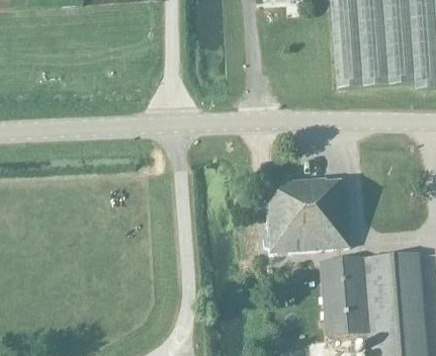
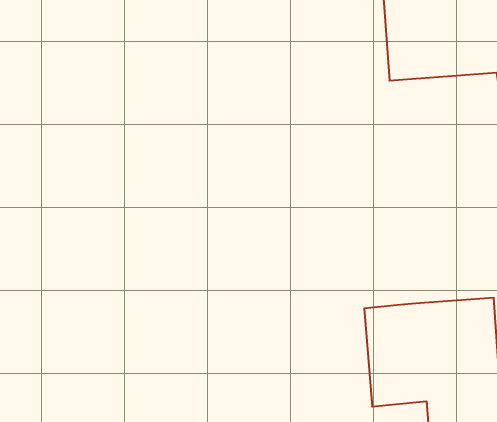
building: [264,179,350,252] -> none

